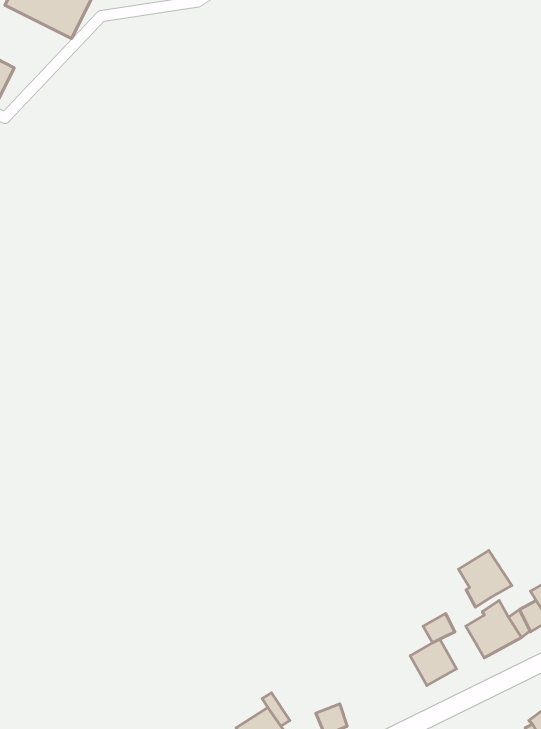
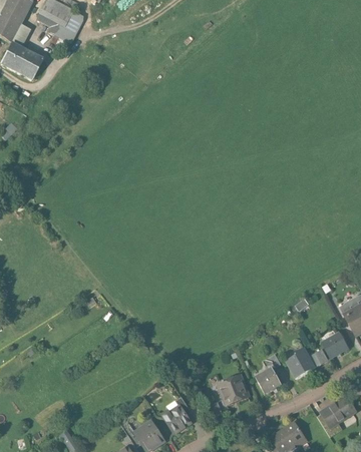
building: [458,550,512,607] -> none
building: none -> [217,374,249,405]

